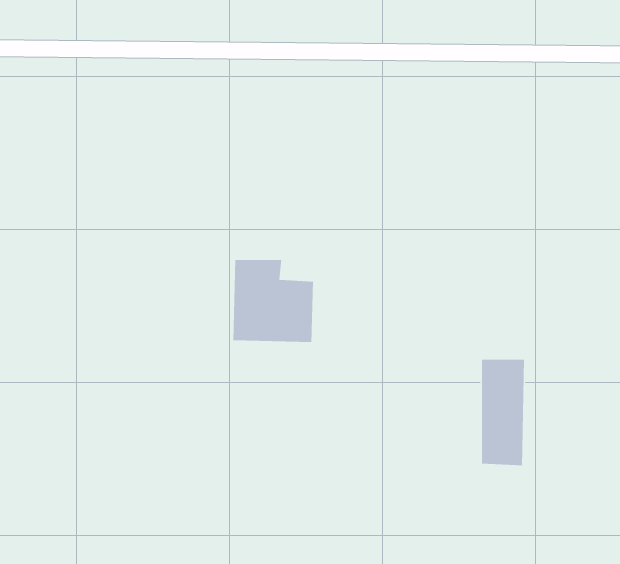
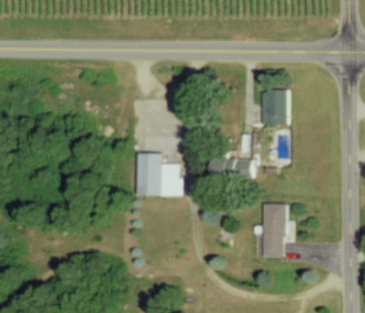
building: none -> [260,90,287,124]
building: none -> [211,155,254,180]

